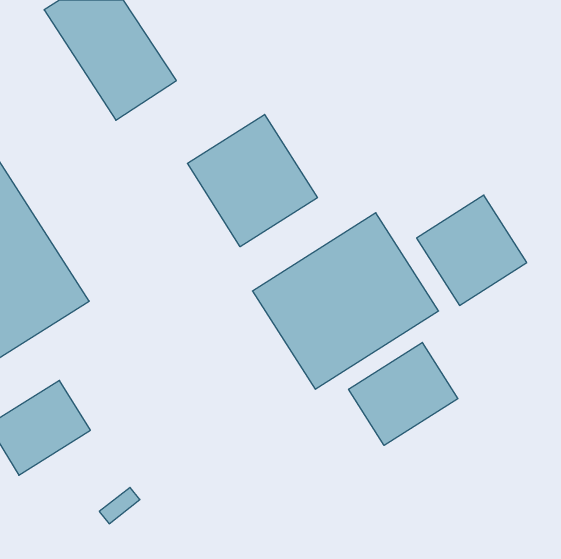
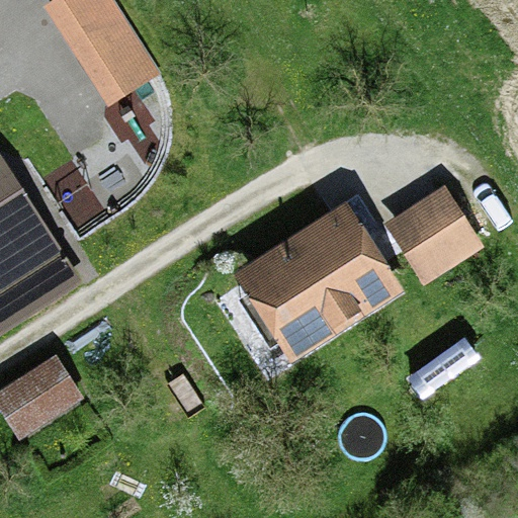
building: [187,114,317,247] -> none
building: [349,342,458,445] -> none

